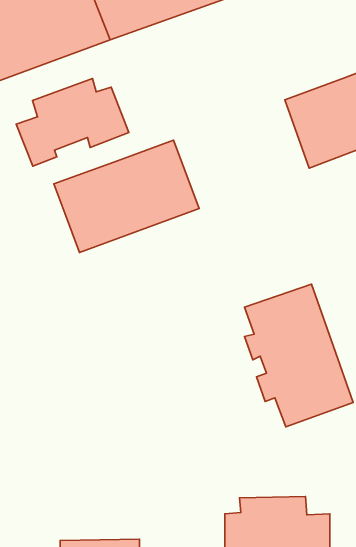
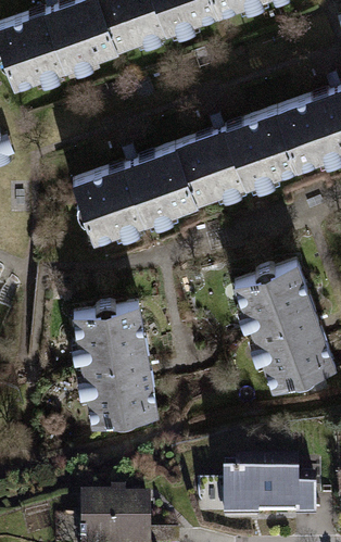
building: [16,78,129,166] -> none
building: none -> [177,108,298,204]
building: none -> [71,305,159,431]

